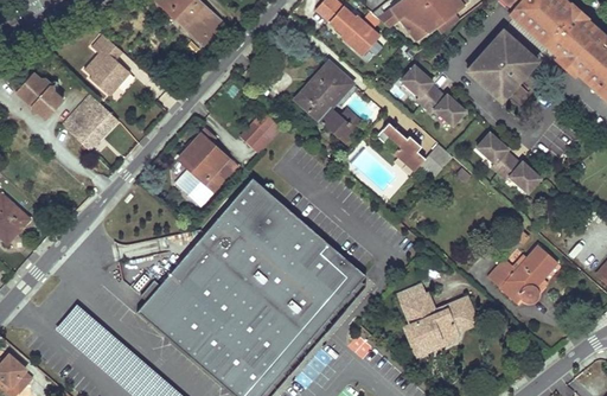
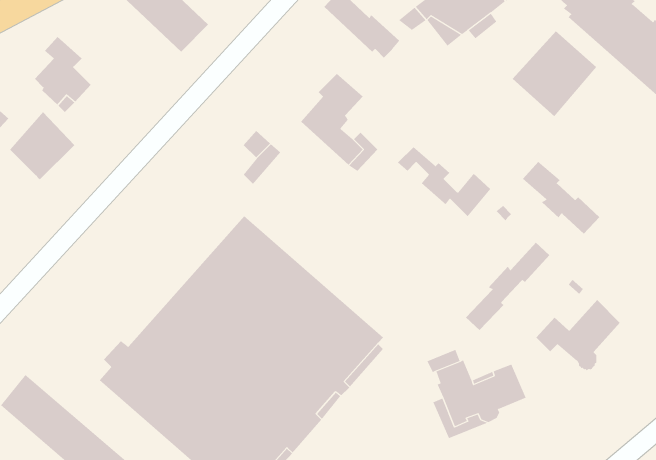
building: [402,65,466,126] -> none
building: [174,128,236,205] -> none
building: none -> [465,242,550,331]

